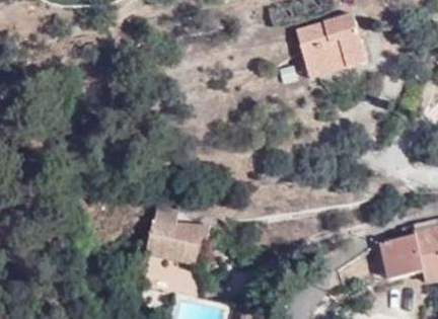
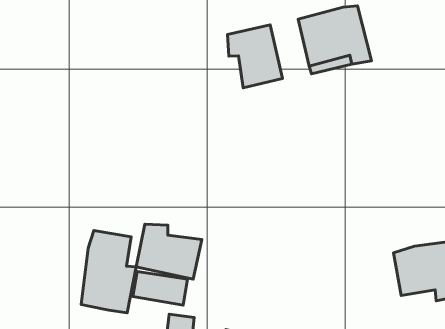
building: none -> [227,25,283,88]
building: none -> [81,231,136,313]

